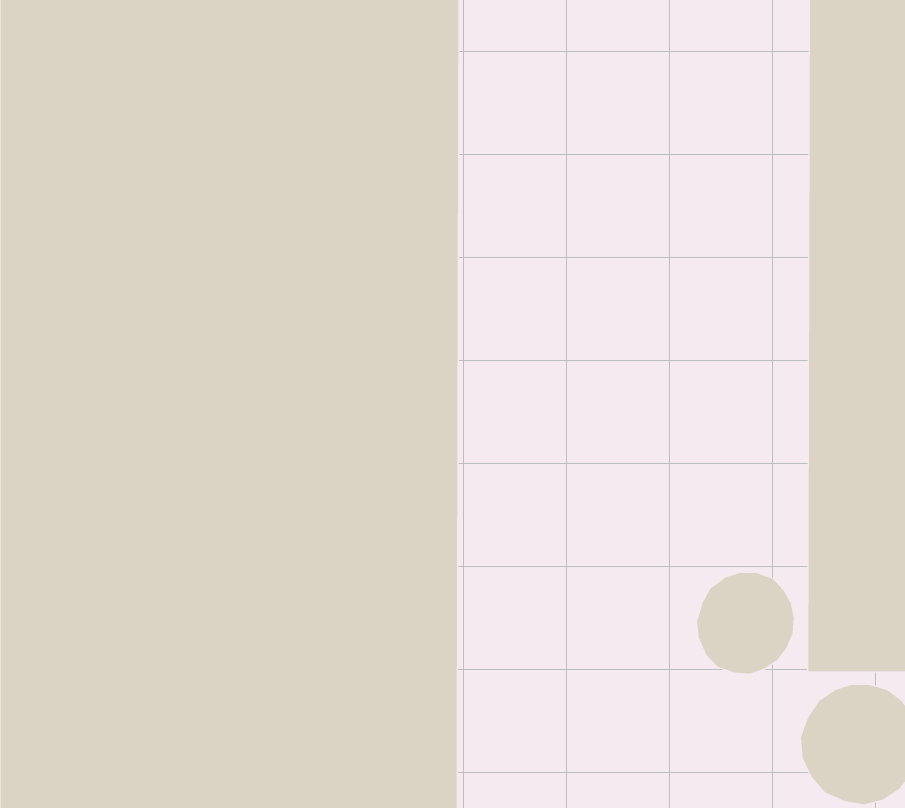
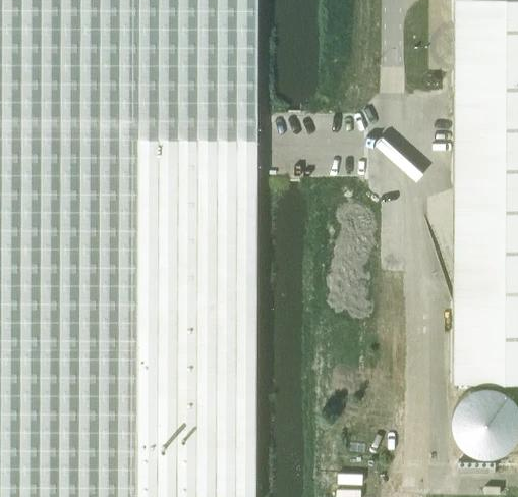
building: [696,572,794,674] -> none

